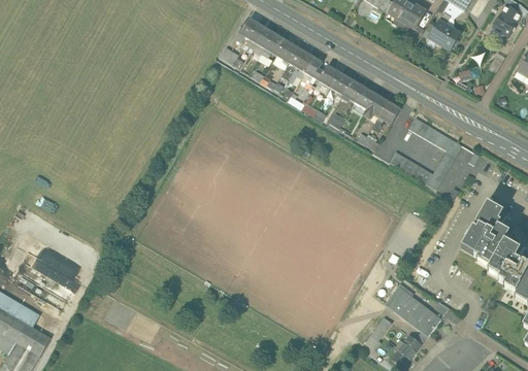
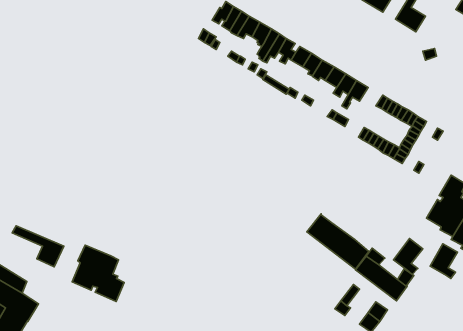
building: none -> [307,214,369,269]
building: none -> [393,239,423,274]
building: none -> [430,244,458,278]
building: none -> [72,245,124,302]

